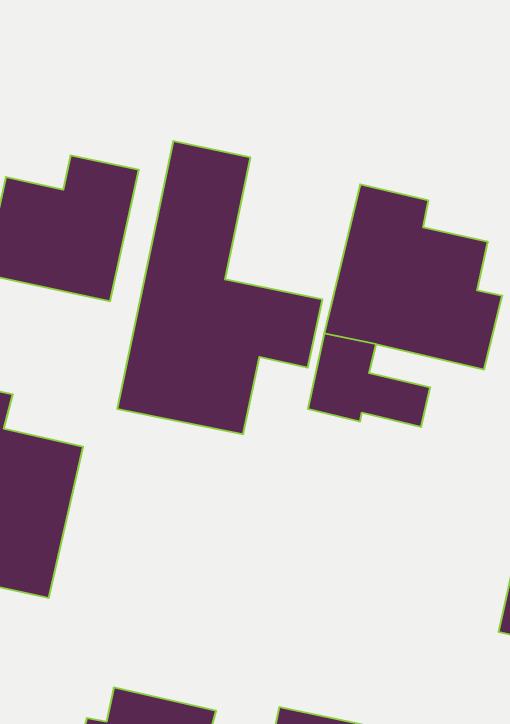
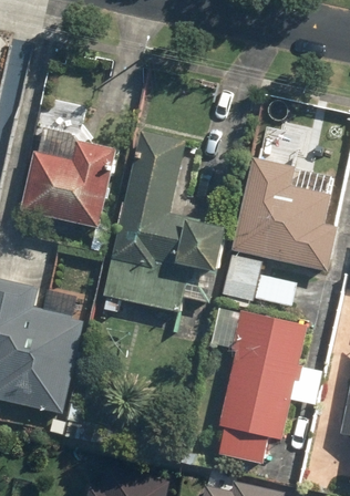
building: none -> [215,313,325,462]

